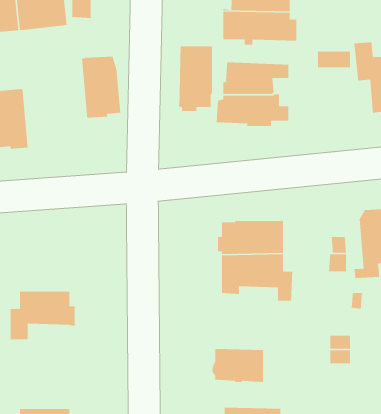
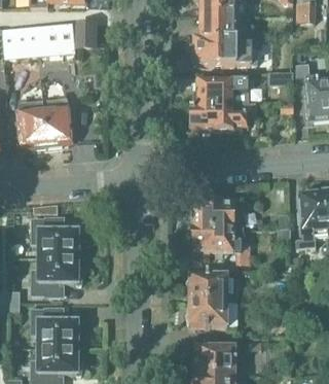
building: [178,46,213,112] -> none
building: [81,56,121,118] -> [41,97,72,145]
building: none -> [31,217,81,255]
building: none -> [186,274,226,301]
building: none -> [31,308,81,346]

